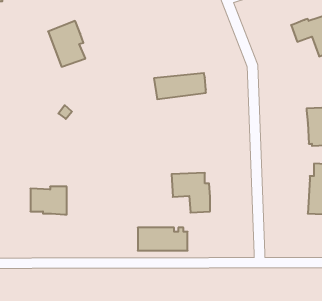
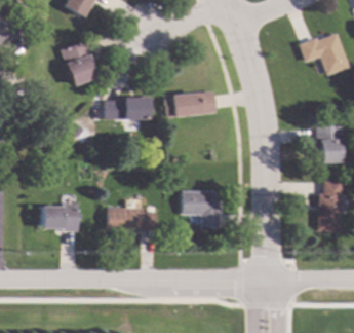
building: none -> [103,96,152,119]
building: [138,228,188,251] -> [107,208,156,230]

